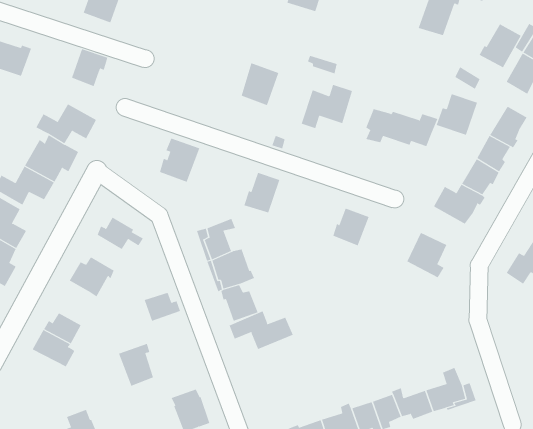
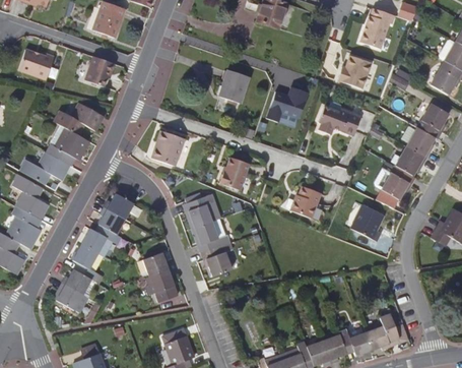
building: [479,24,521,68] -> none
building: [436,93,478,135] -> [338,55,372,88]
building: none -> [100,206,125,234]
building: none -> [73,243,98,280]
building: [229,311,293,350] -> none
building: [118,343,154,387] -> [148,267,177,302]

